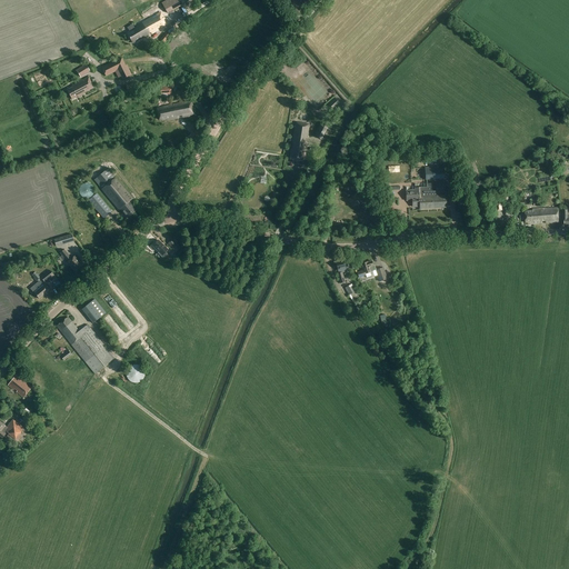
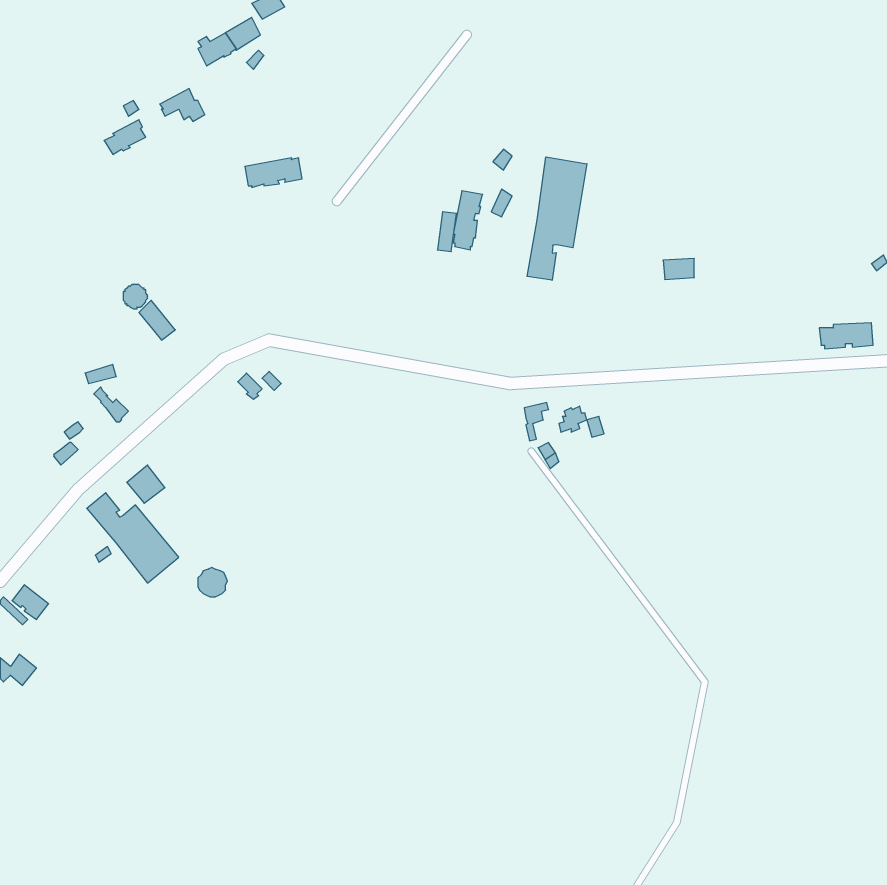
building: none -> [527,157,587,280]
building: [93,168,137,217] -> none
building: [406,182,446,208] -> none

